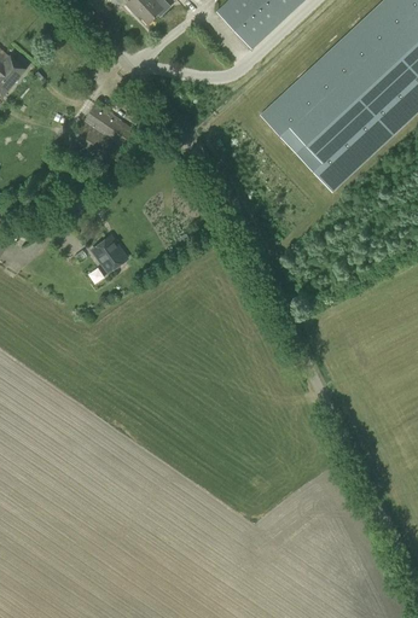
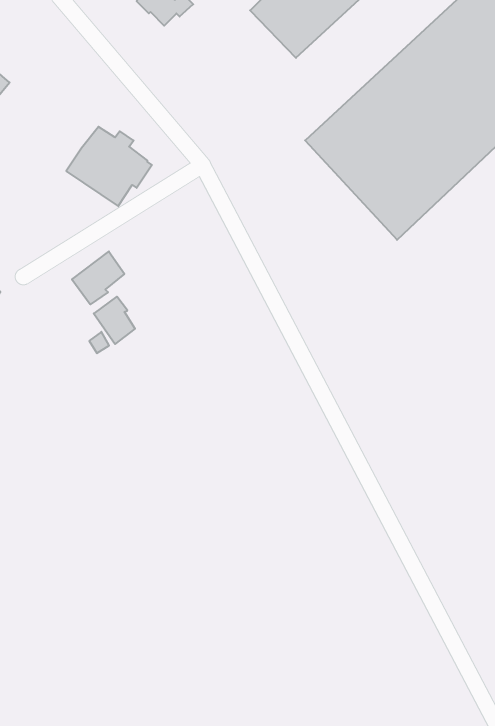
building: none -> [72,251,124,304]

